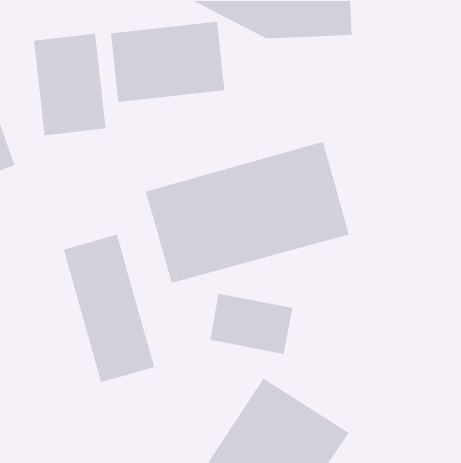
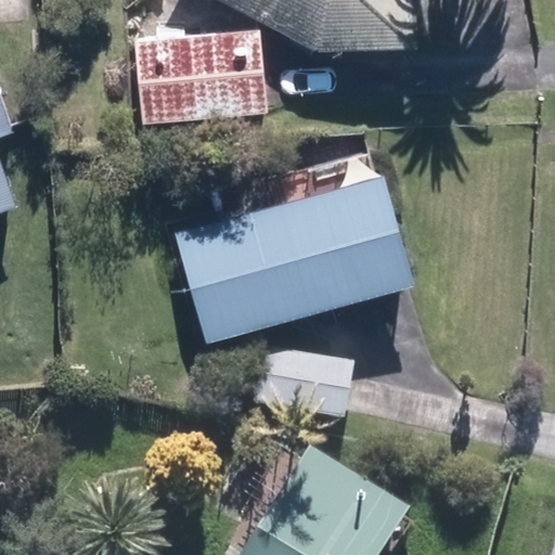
building: [33,33,106,136] -> none
building: [63,233,155,383] -> none

